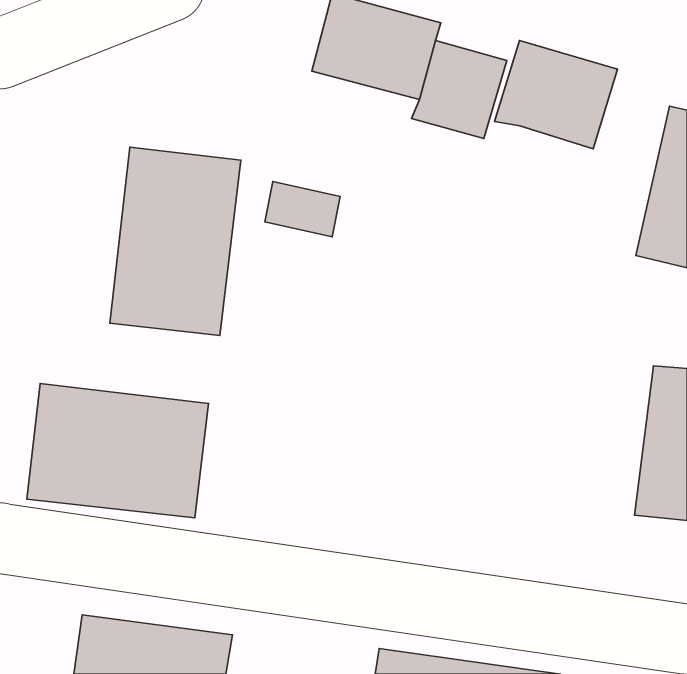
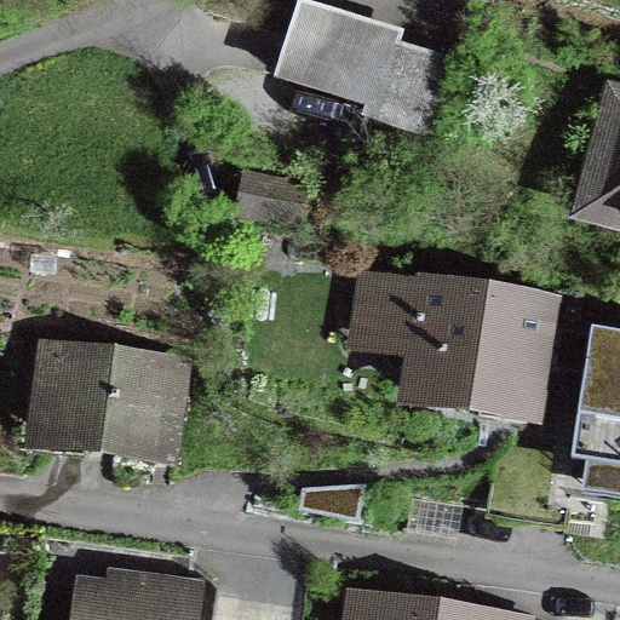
building: [494,40,617,149] -> none
building: [110,147,241,336] -> none
building: none -> [346,272,561,429]

